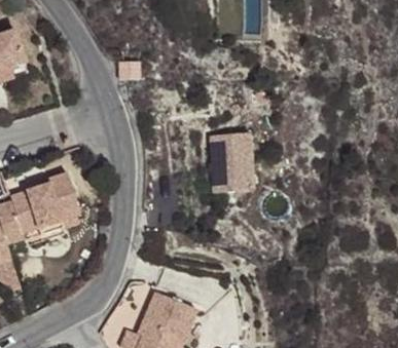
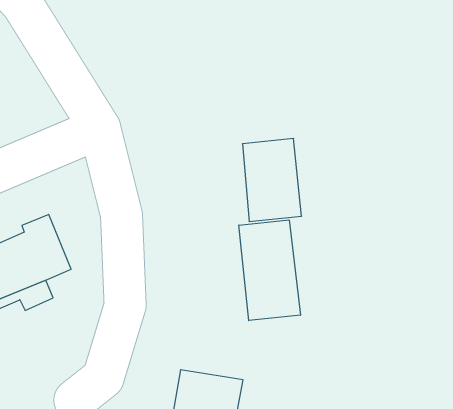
building: none -> [239,220,300,321]

